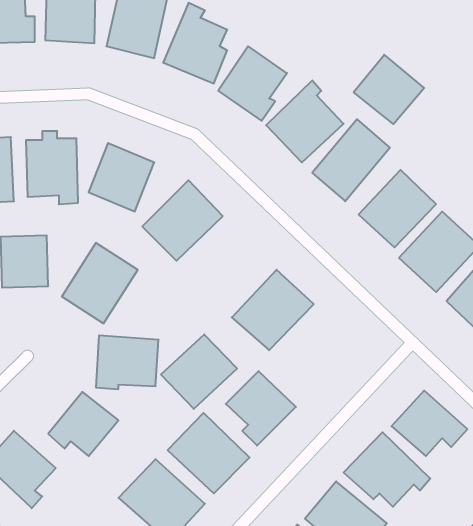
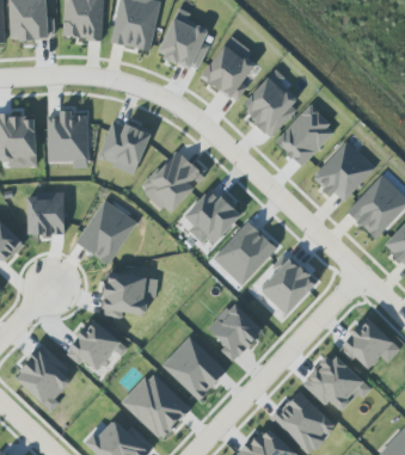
building: [354,55,424,124] -> none
building: none -> [259,253,317,315]
building: [161,334,237,409] -> [179,190,240,250]

